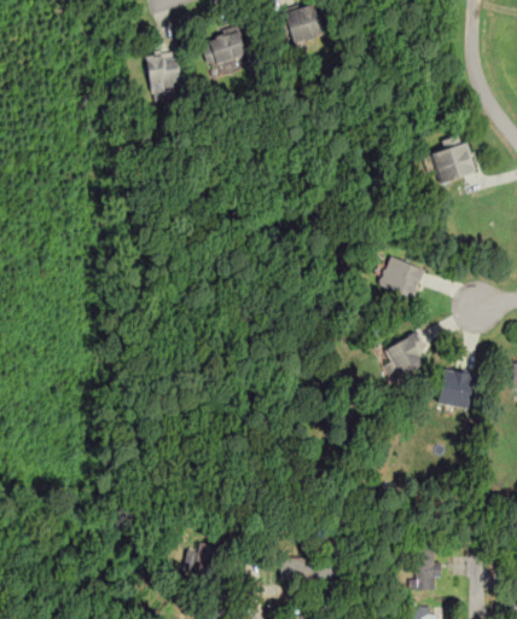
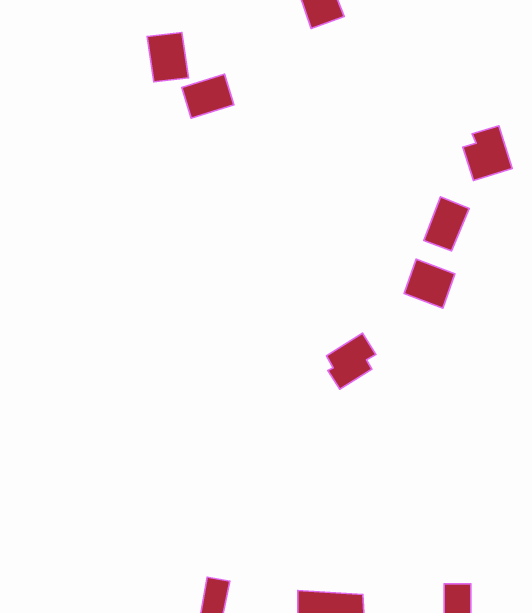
building: [199,29,246,69] -> [182,74,234,118]
building: none -> [424,197,469,251]
building: [383,331,428,382] -> [326,333,376,389]
building: [437,370,475,411] -> none

